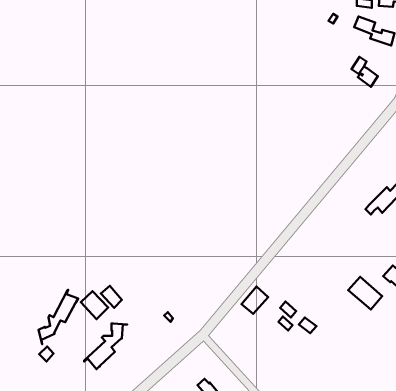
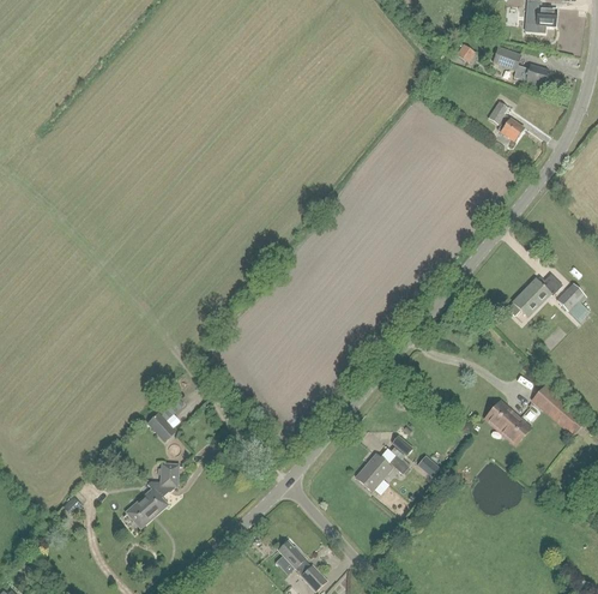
building: [242,287,268,314] -> [355,454,391,491]
building: [38,290,78,344] -> none
building: [81,291,108,319] -> none

